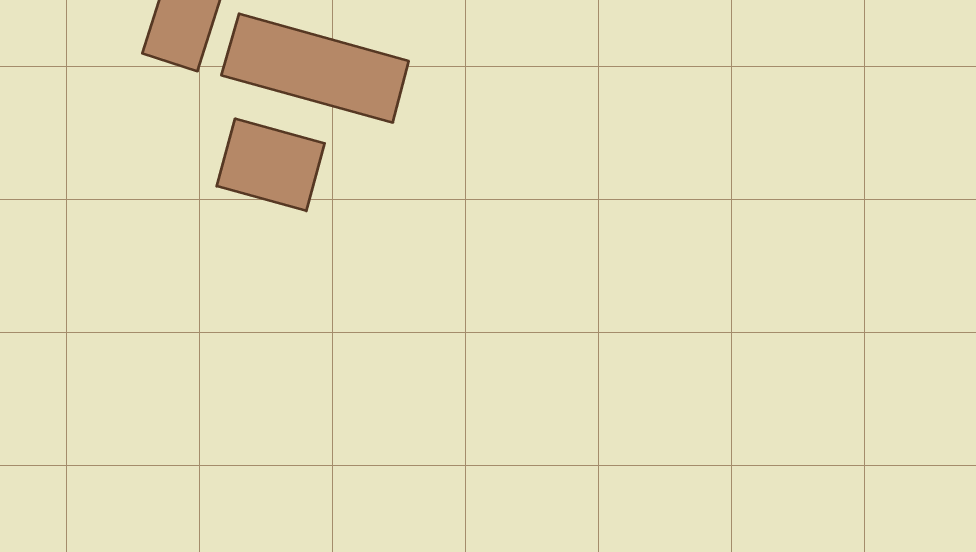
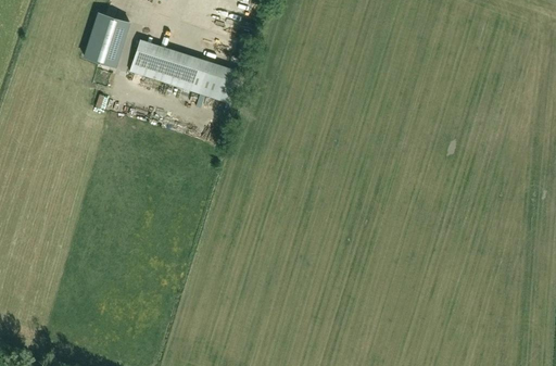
building: [217,119,325,211] -> none

